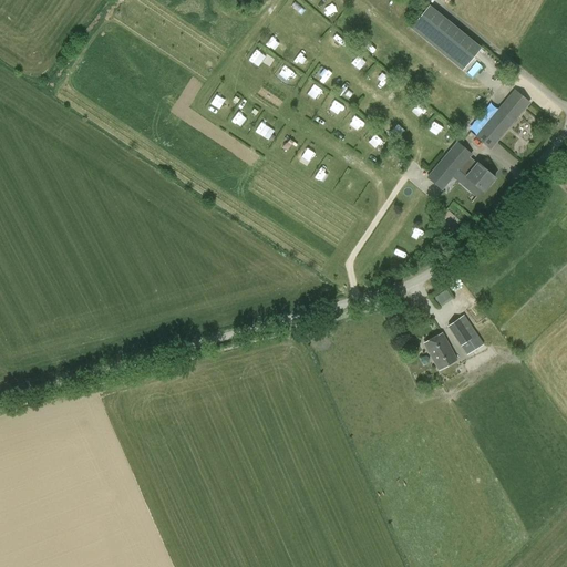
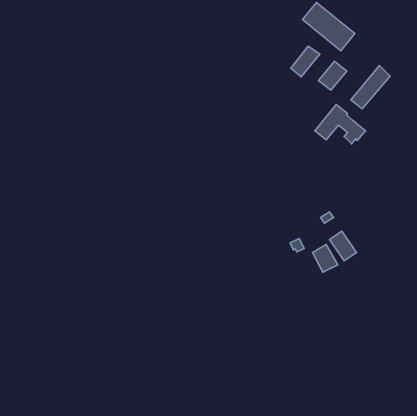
building: none -> [291,46,320,77]
building: none -> [319,61,347,90]

